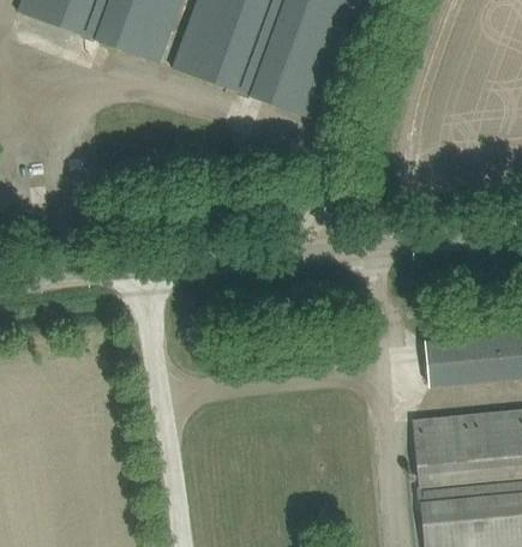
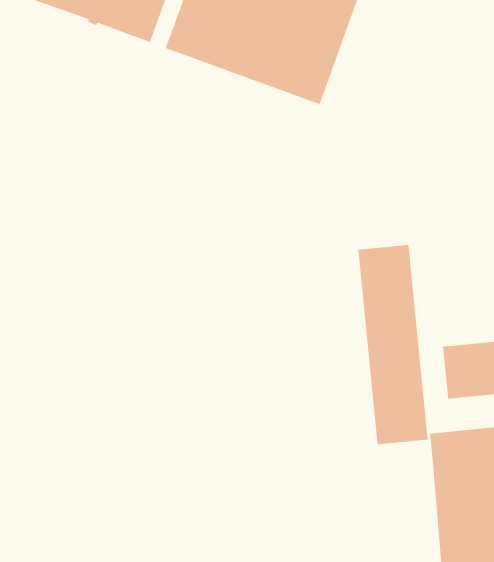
building: none -> [358,244,428,445]

